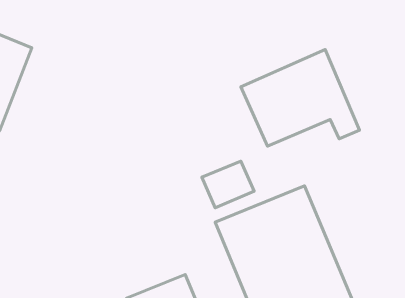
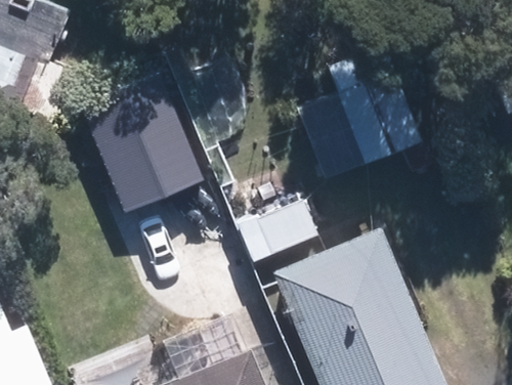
building: none -> [101,83,216,210]

